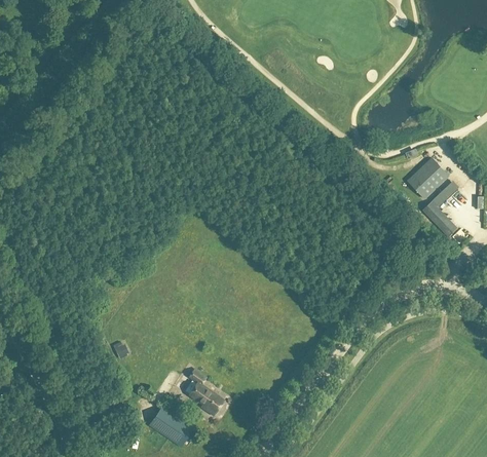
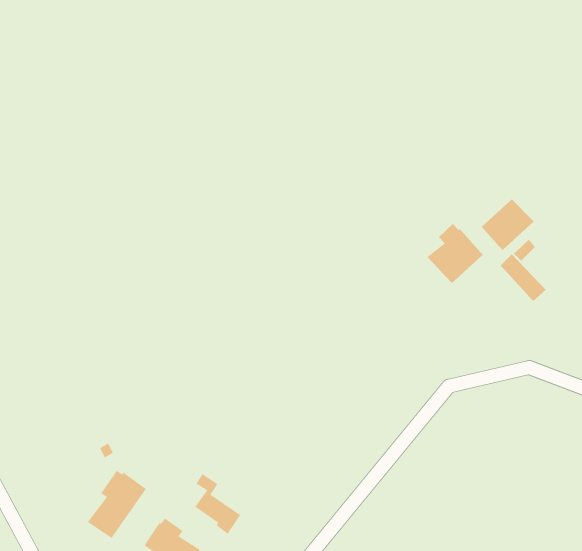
building: none -> [426,223,484,284]
building: none -> [87,470,147,539]

